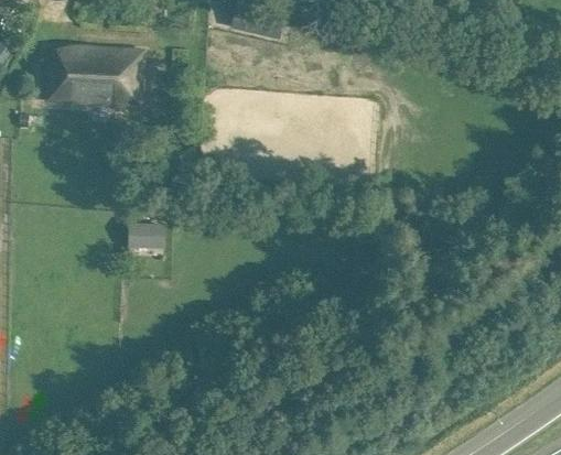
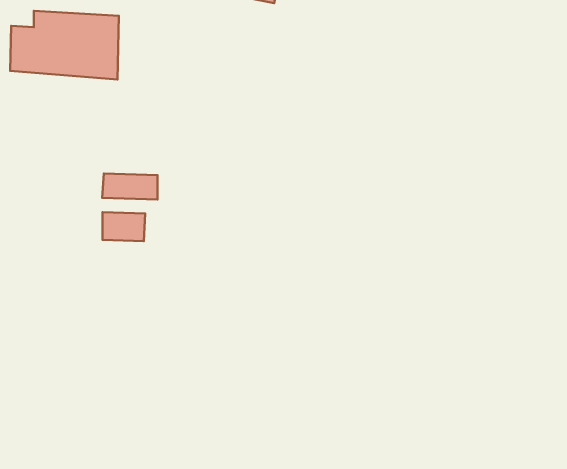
building: none -> [102,174,157,200]

